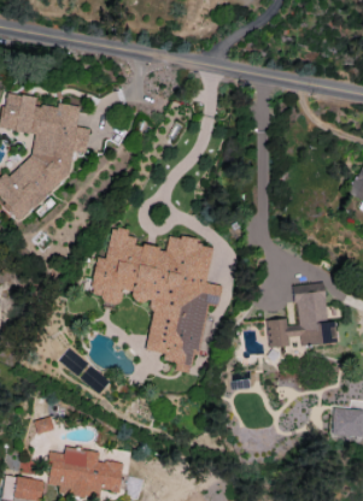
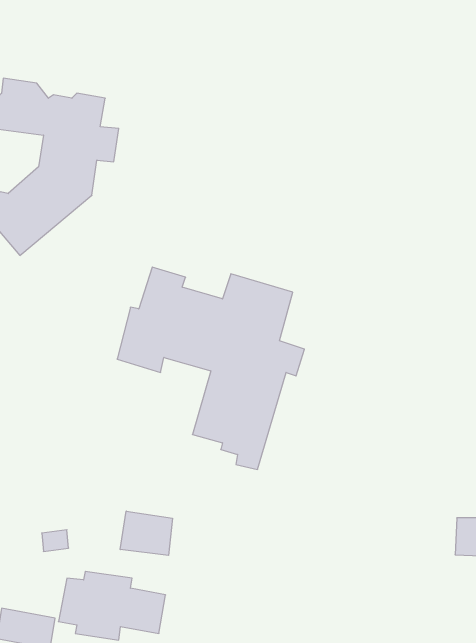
building: [267,291,336,348] -> none
building: none -> [120,511,172,555]

